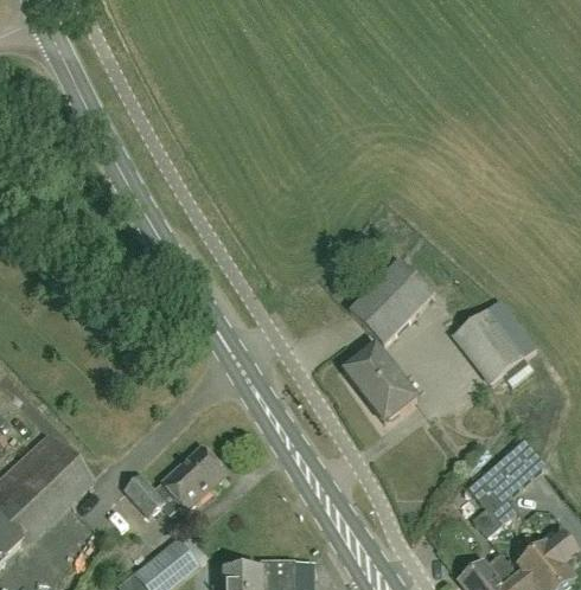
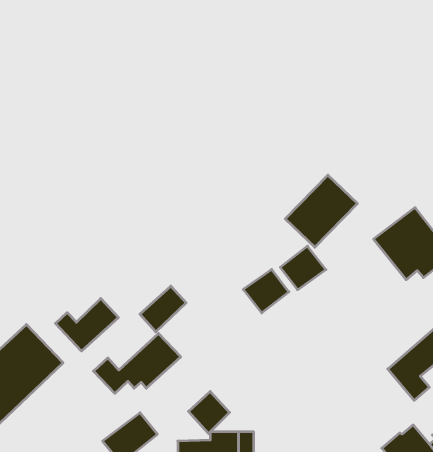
building: [363,371,416,422] -> [243,269,289,313]
building: none -> [140,286,186,332]
building: none -> [55,298,118,351]
building: none -> [188,391,230,434]

